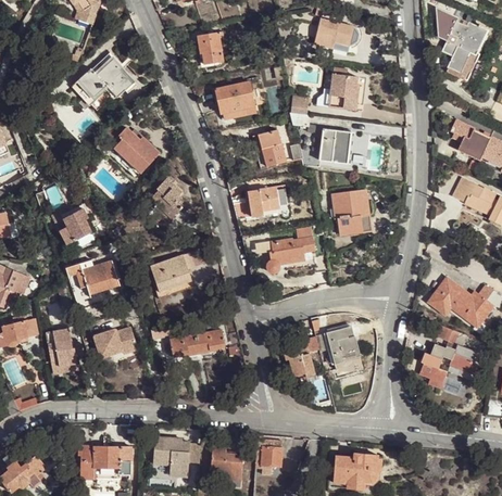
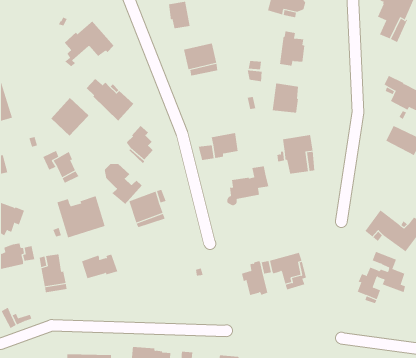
building: [258,129,286,166] -> none
building: none -> [50,97,89,136]
building: none -> [104,163,143,205]
building: [170,329,226,356] -> none

